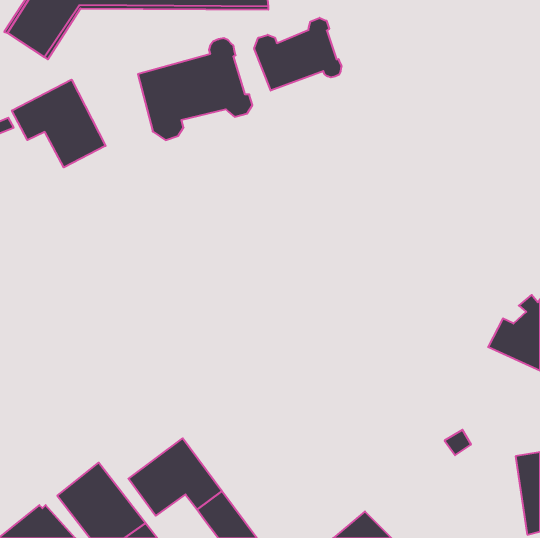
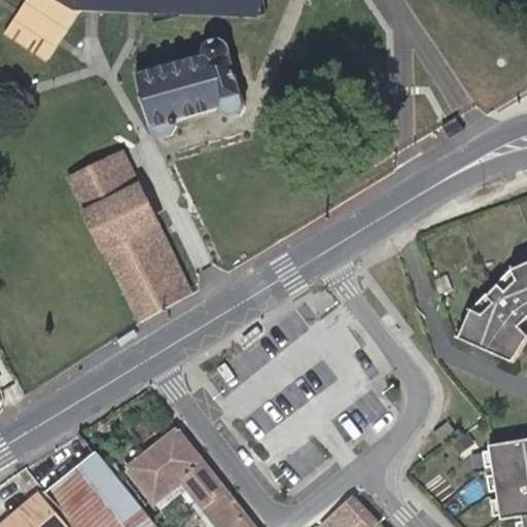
building: [254,18,341,91] -> none
building: [12,80,106,167] -> none
building: none -> [67,151,189,318]

